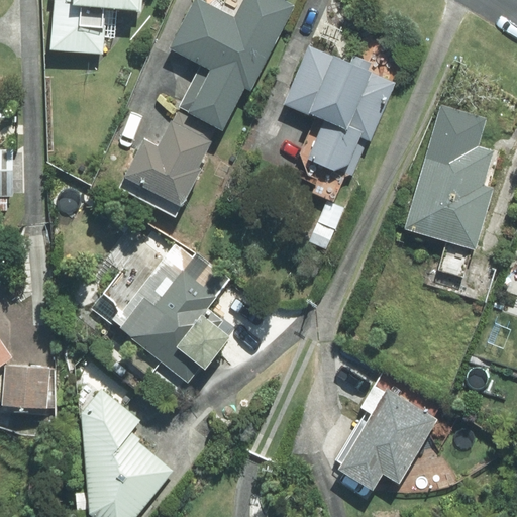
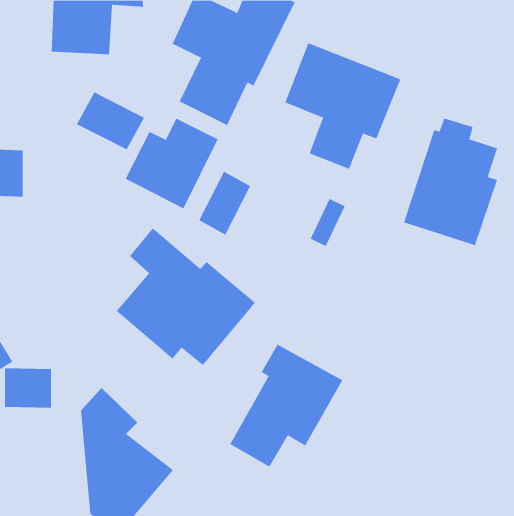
building: none -> [76,92,145,150]
building: none -> [198,171,251,236]
building: [326,379,439,502] -> [229,344,343,468]

